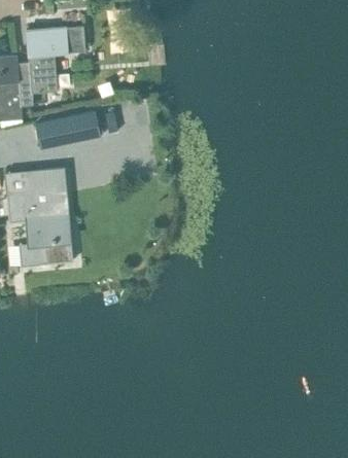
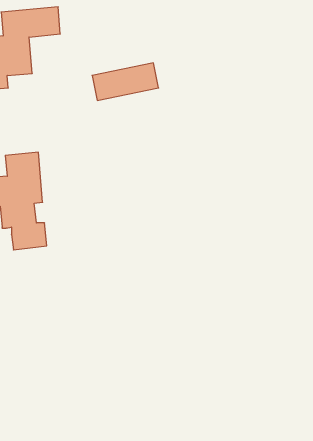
building: [35,111,101,148] -> [92,63,159,100]

